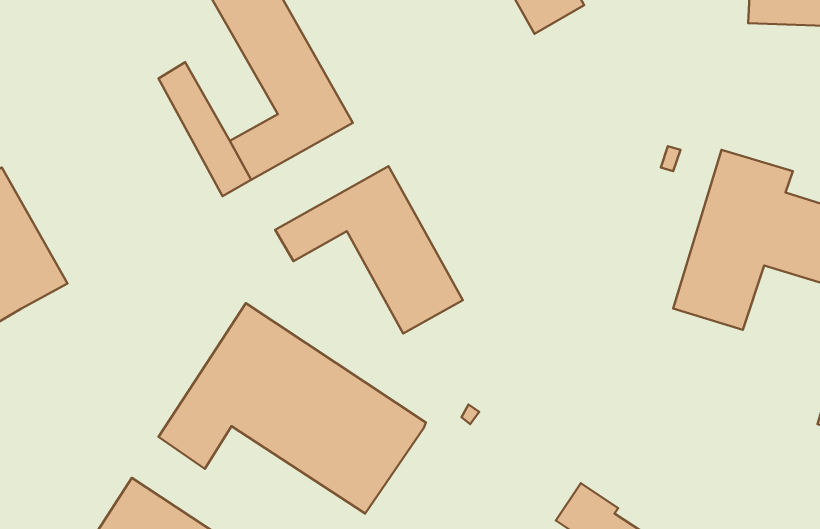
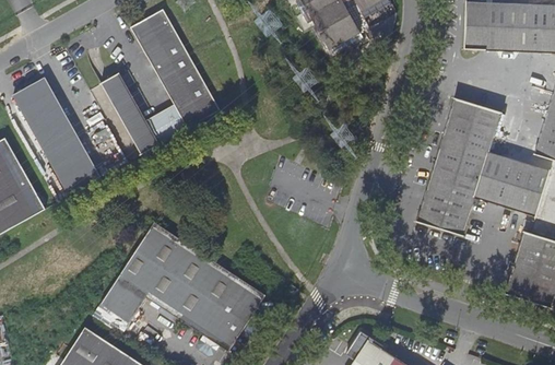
building: none -> [13,78,101,196]
building: none -> [447,99,499,140]
building: [275,166,463,334] -> none

